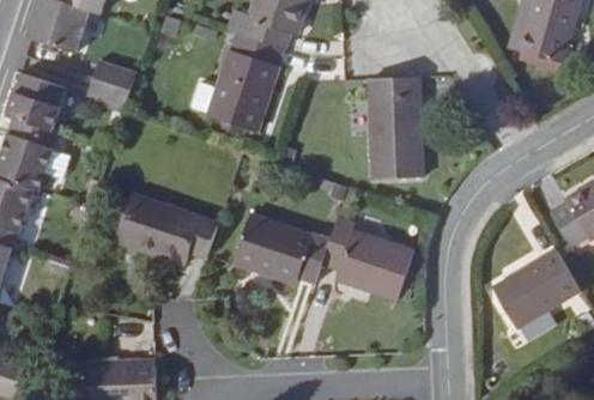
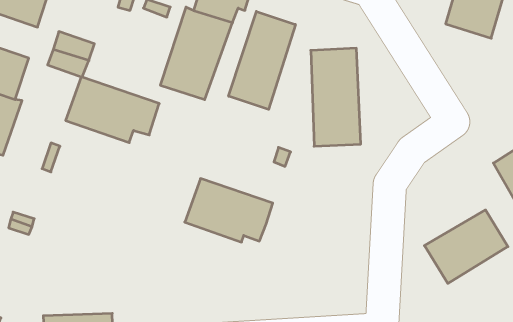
building: none -> [229,11,295,109]
building: [116,195,217,266] -> [66,77,159,143]
building: [321,217,413,302] -> none

